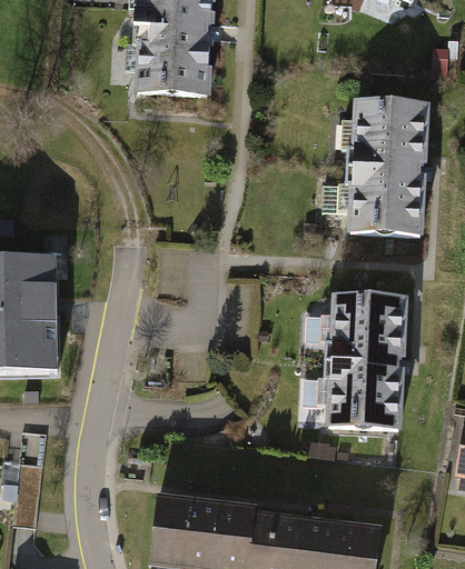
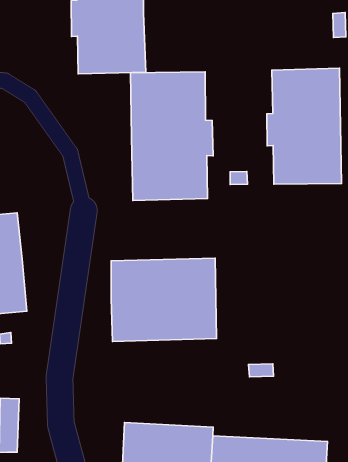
building: none -> [130,72,213,200]
building: [323,302,412,439] -> none
building: none -> [111,258,216,341]

